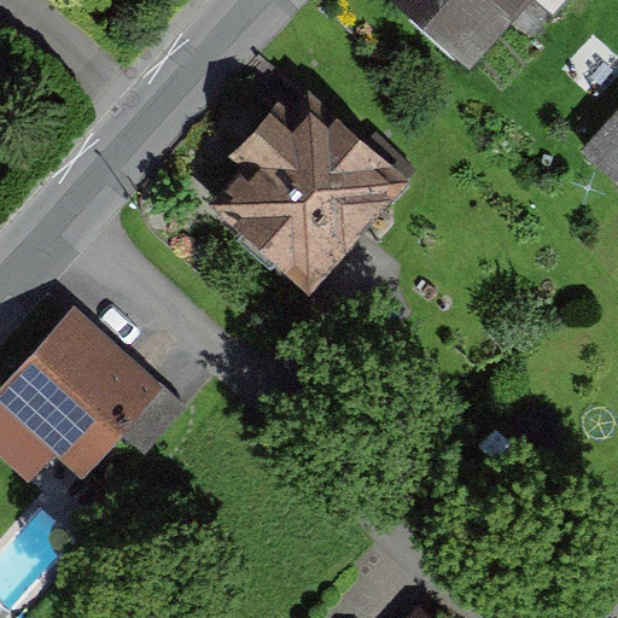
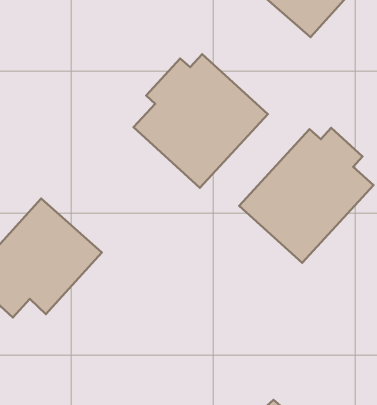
building: none -> [239,128,373,263]

